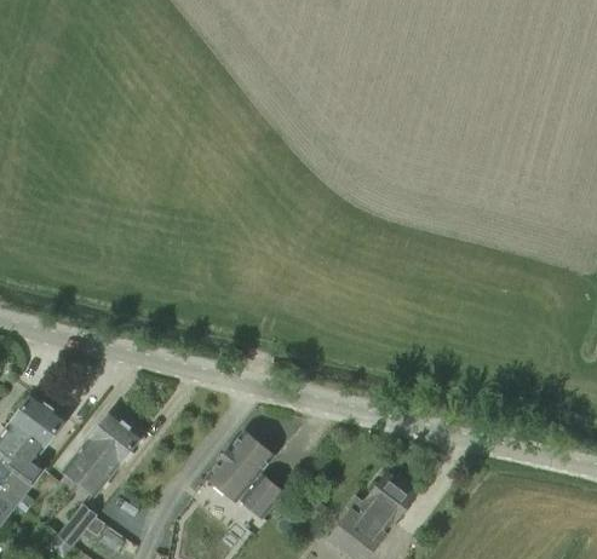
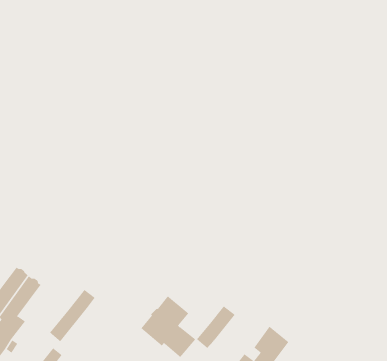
building: [63,411,126,484] -> none
building: none -> [196,305,236,349]

